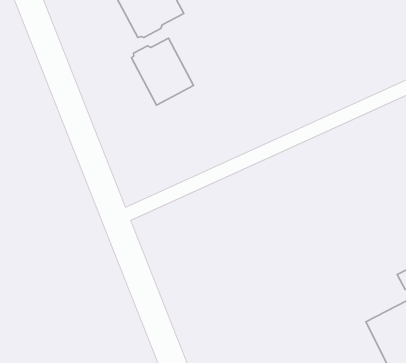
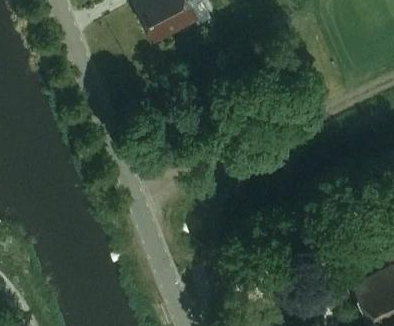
building: [132,38,194,105] -> none

